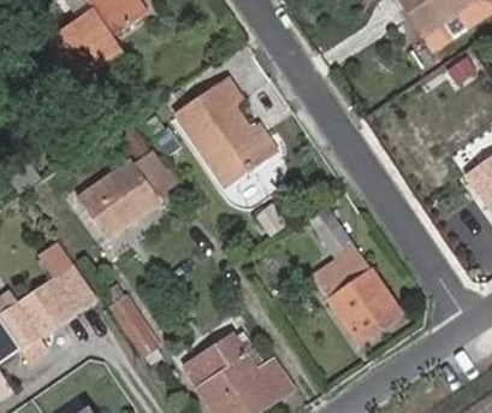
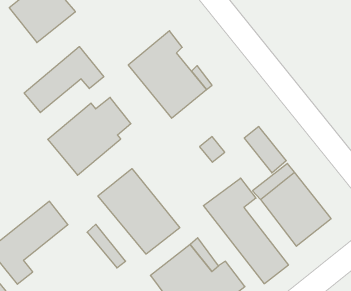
building: none -> [24,47,104,113]
building: none -> [98,169,180,254]
building: none -> [203,178,288,284]

